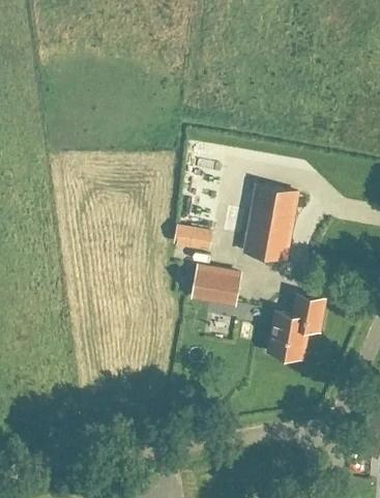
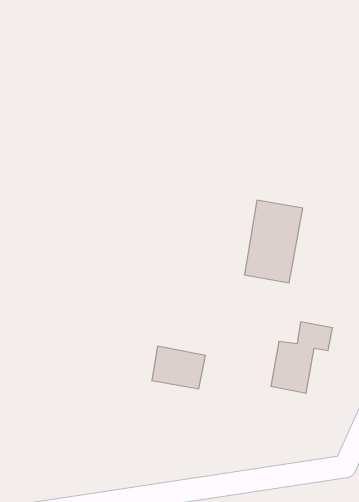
building: [174,226,214,252] -> none
building: [193,267,241,305] -> [152,346,206,389]

